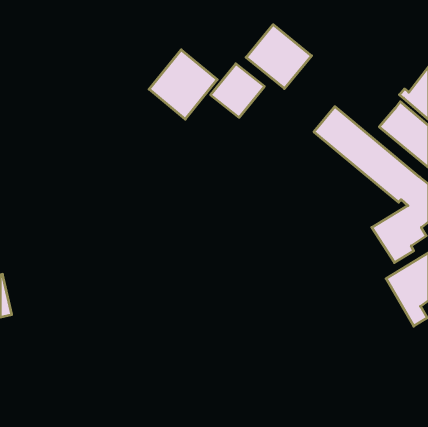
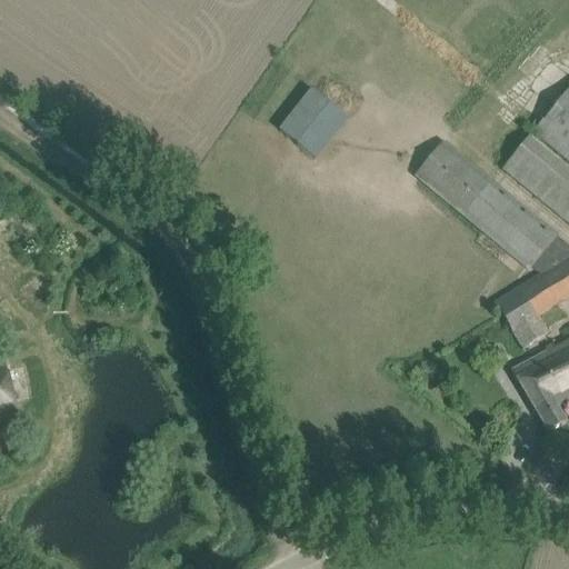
building: [246,25,312,89] -> none
building: [149,50,217,119] -> none

